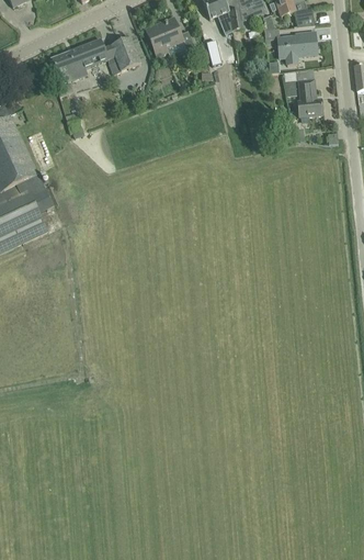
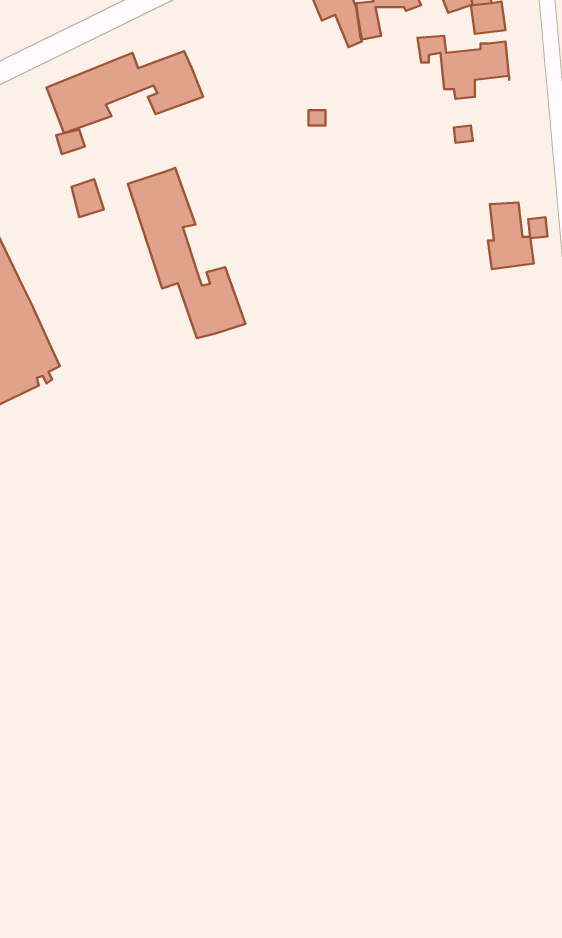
building: [146,19,196,56] -> none
building: [297,79,323,117] -> [488,202,534,269]
building: none -> [128,168,246,338]

